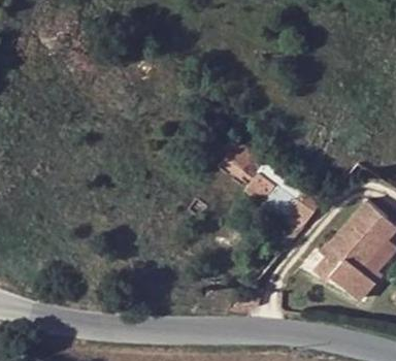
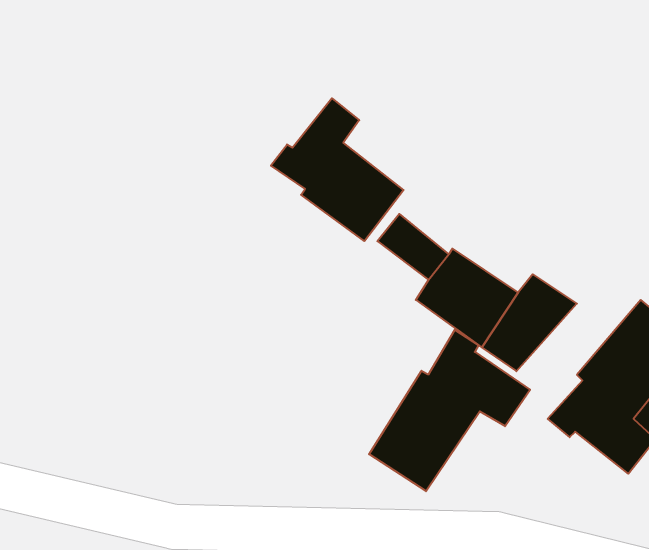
building: none -> [271,98,404,241]
building: none -> [369,330,530,491]

